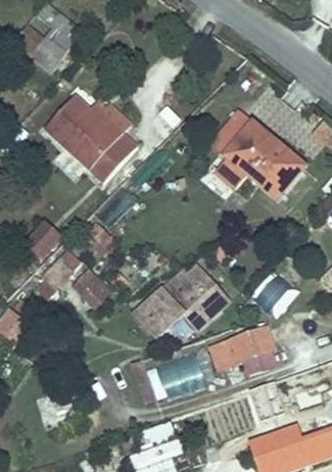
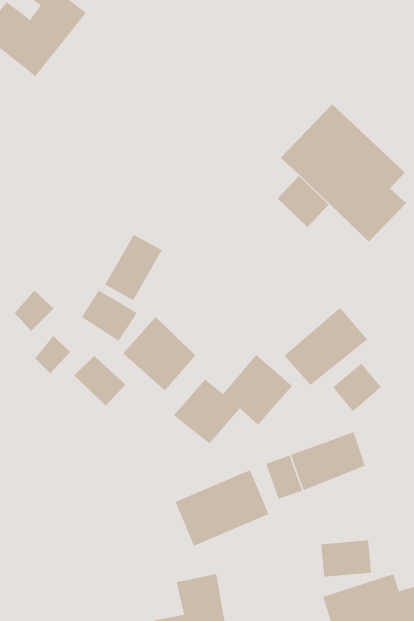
building: [43,104,137,190] -> none
building: none -> [283,307,368,386]
building: none -> [122,316,196,392]

